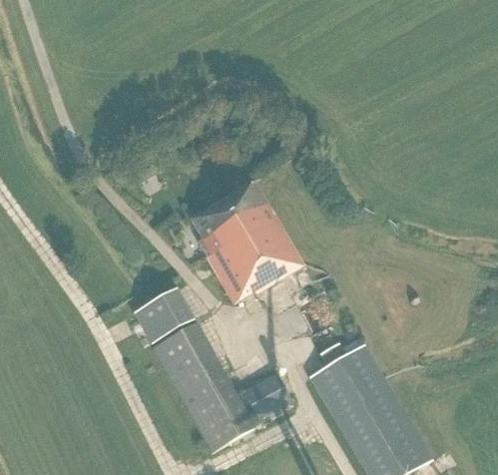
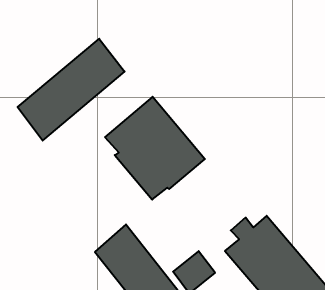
building: none -> [18,39,125,141]
building: [133,286,194,342] -> none

